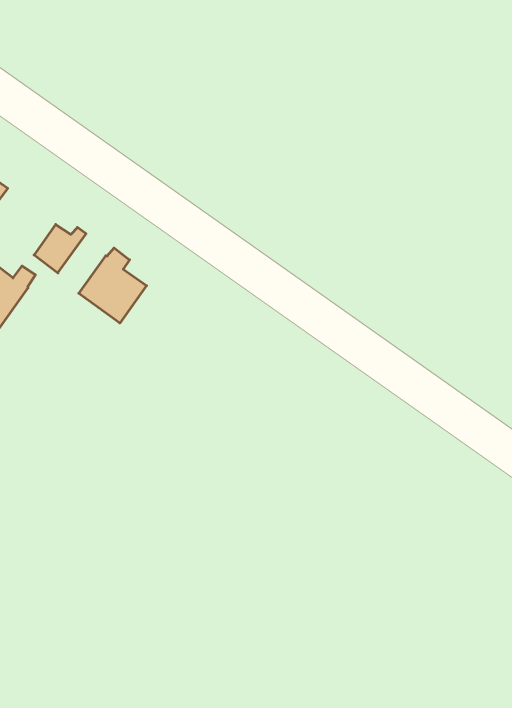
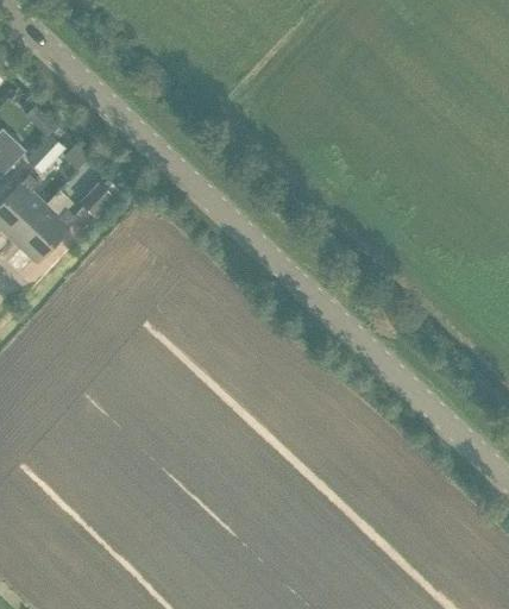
building: [79,248,147,323] -> none

